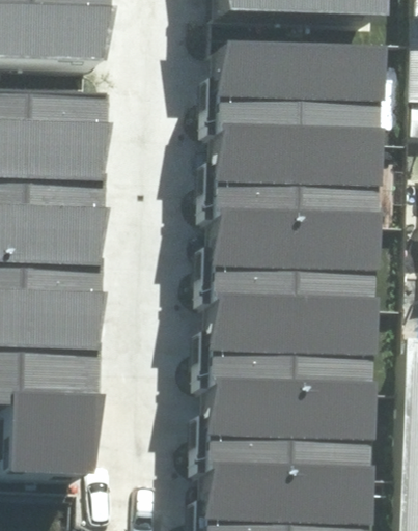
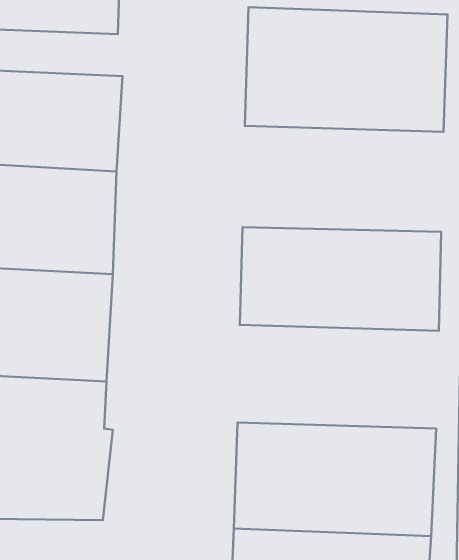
building: [214,140,383,229] -> none
building: [210,307,379,394] -> none

